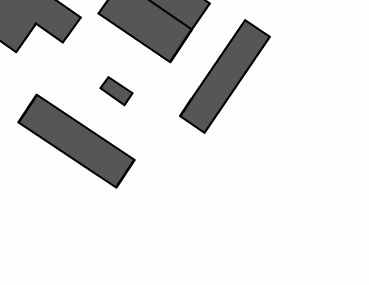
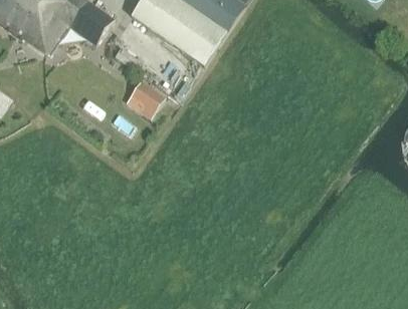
building: [180,20,270,133] -> none
building: [19,95,134,188] -> none

